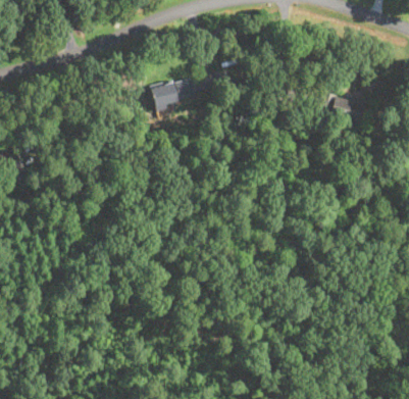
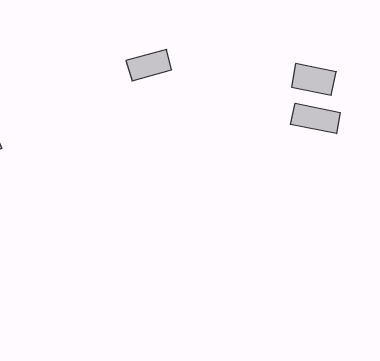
building: none -> [290,103,340,134]

